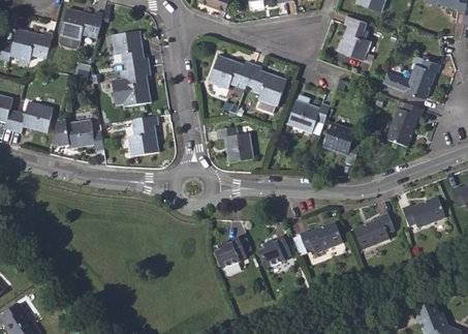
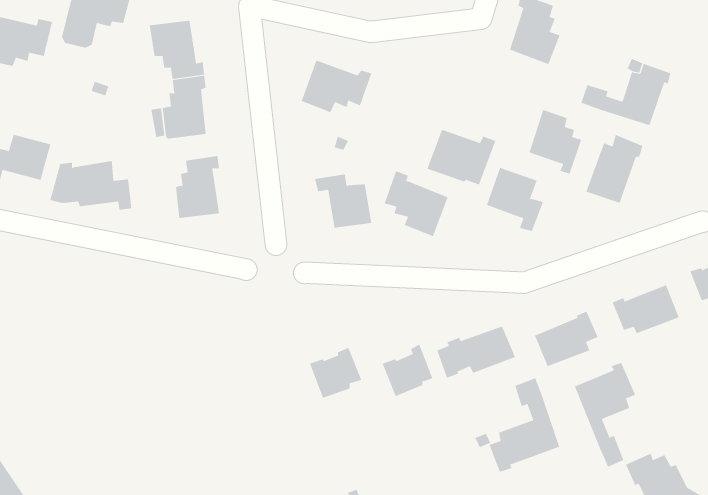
building: [246,64,286,105] -> [384,171,448,237]
building: none -> [529,109,582,174]
building: none -> [574,362,636,468]
building: none -> [489,377,560,473]

